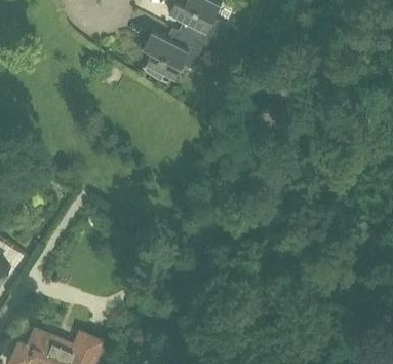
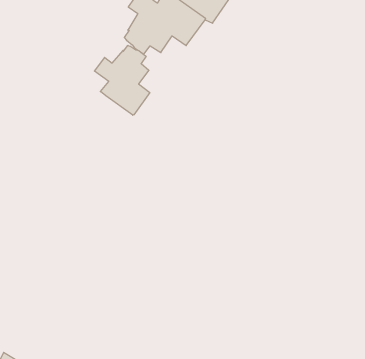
building: none -> [94,45,150,115]

